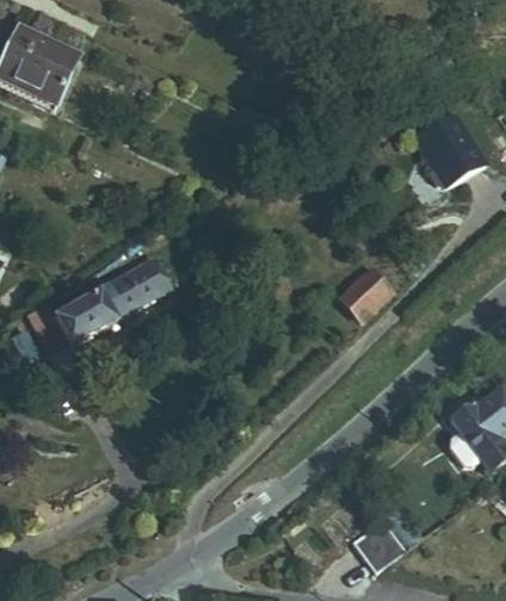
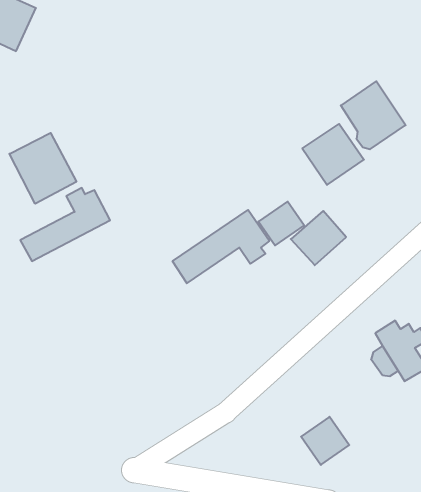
building: none -> [302,124,364,185]
building: none -> [9,133,76,204]
building: none -> [173,210,269,283]

